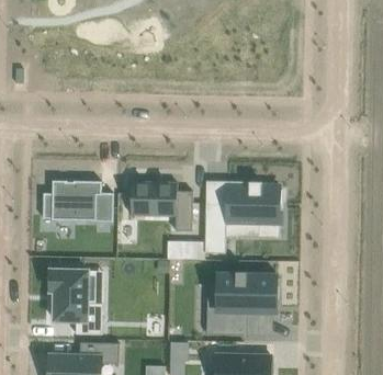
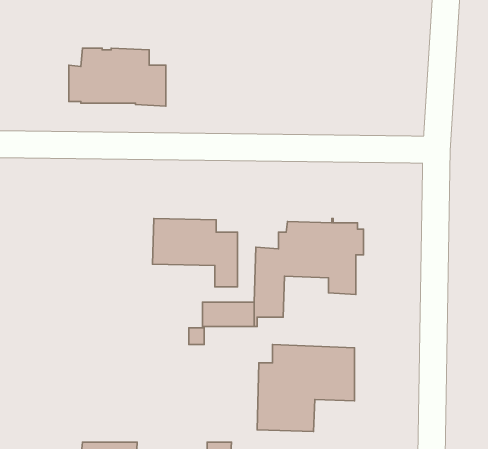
building: [42,180,112,221] -> [69,48,166,106]
building: [49,269,101,333] -> none

